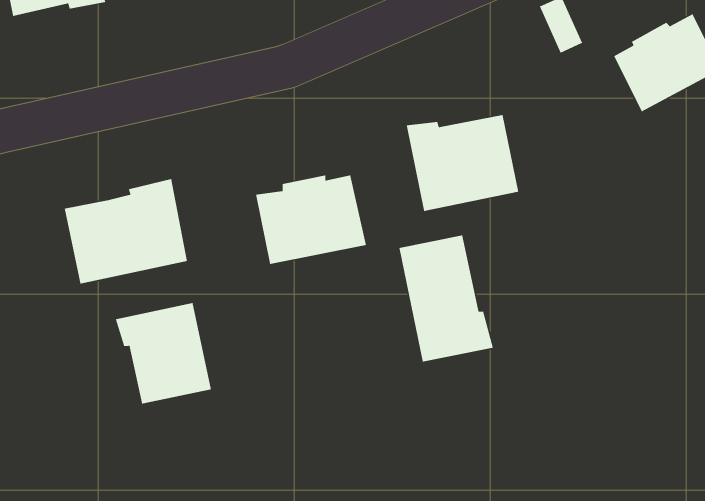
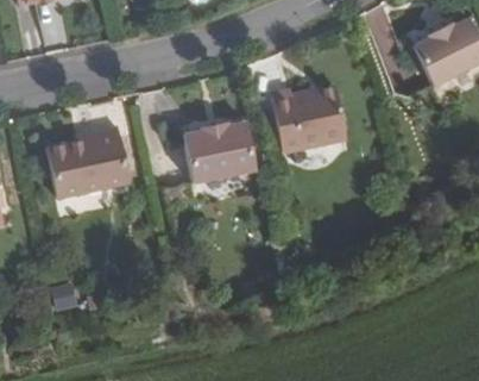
building: [399,234,494,363] -> none
building: [115,302,212,405] -> none

